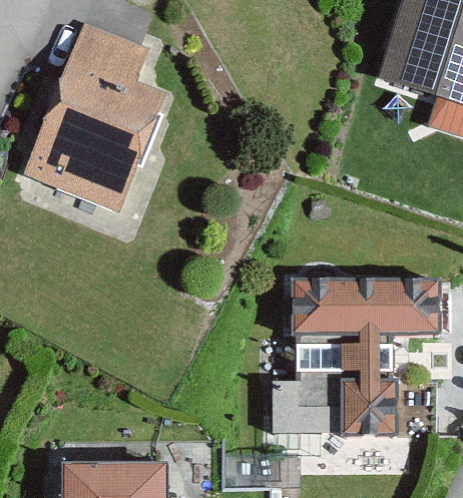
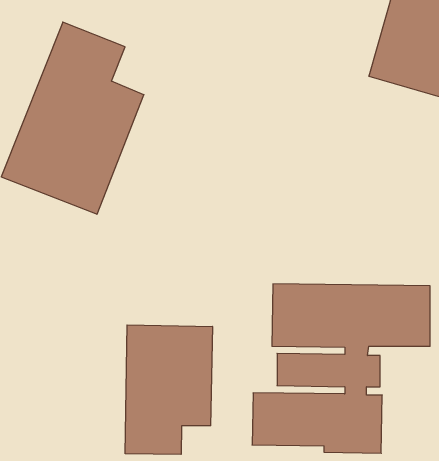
building: none -> [125,325,212,454]

